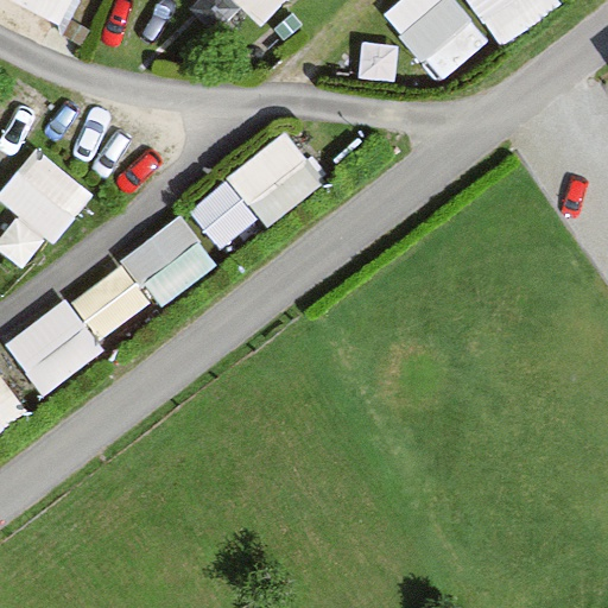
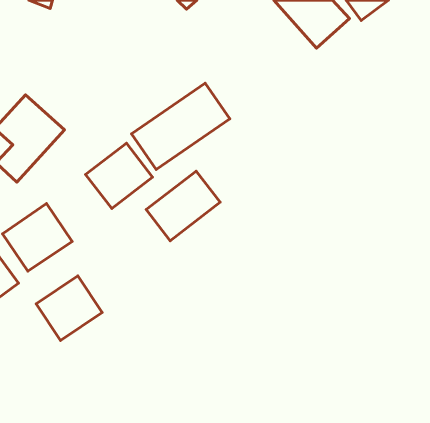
building: none -> [146,171,220,241]
building: none -> [36,276,102,340]

